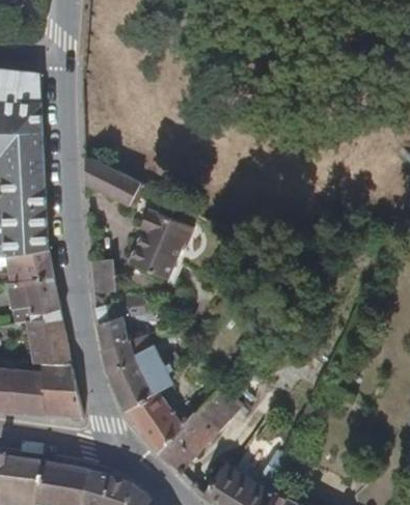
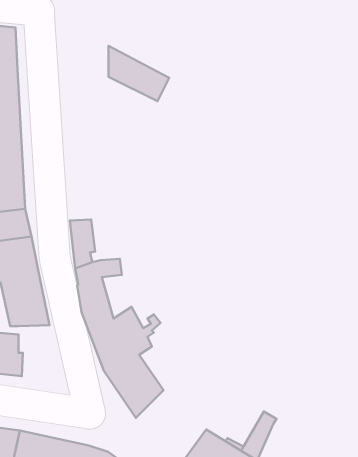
building: [86,156,145,209] -> [108,46,169,101]
building: [128,209,193,280] -> none
building: [42,363,82,418] -> none
building: [156,387,240,471] -> none

